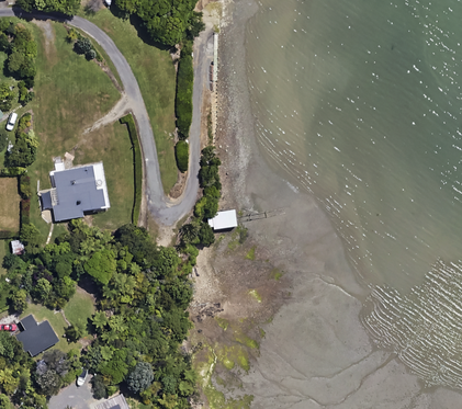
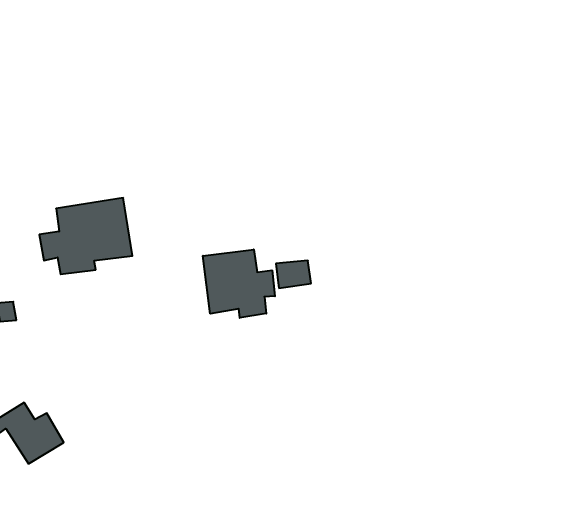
building: none -> [203,249,275,318]

